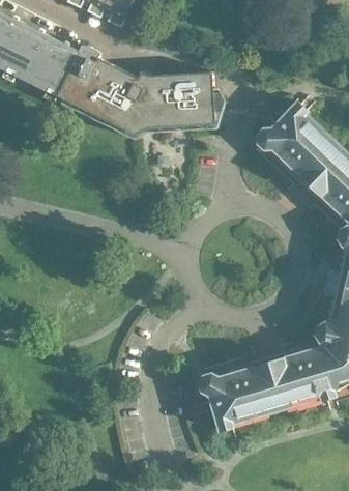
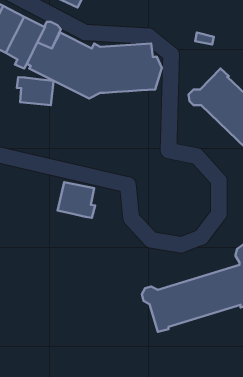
building: none -> [17,77,54,105]
building: none -> [58,182,95,218]

